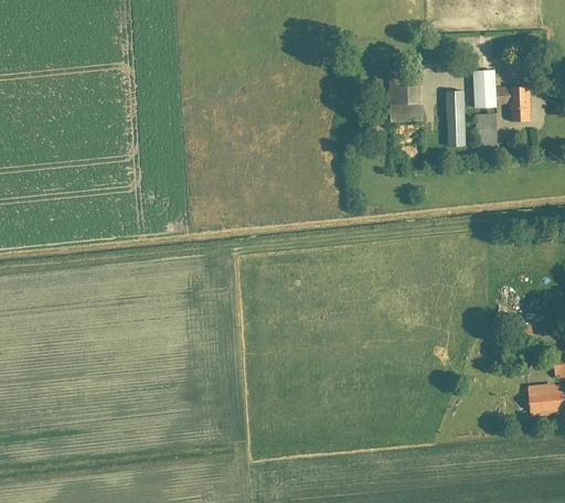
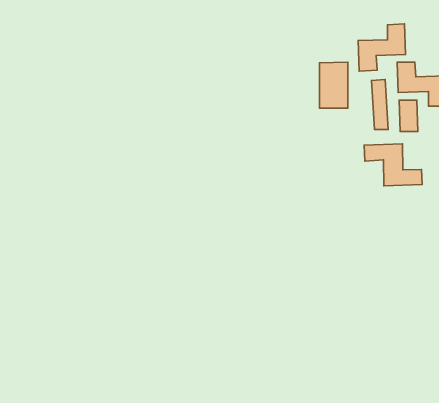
building: none -> [358,24,405,71]
building: none -> [364,144,422,186]

